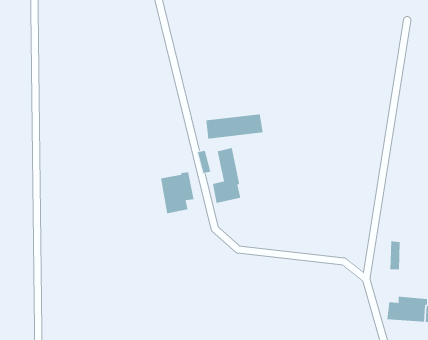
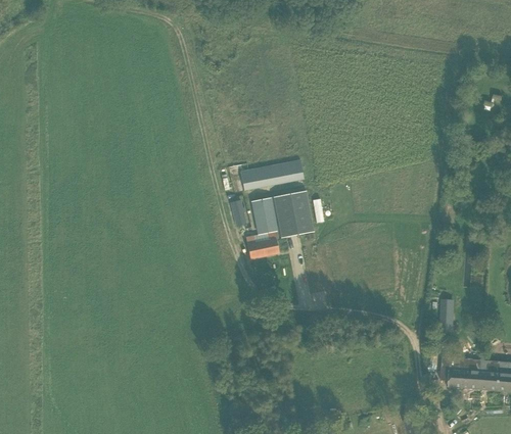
building: none -> [272,190,315,238]
building: [161,172,194,214] -> none

